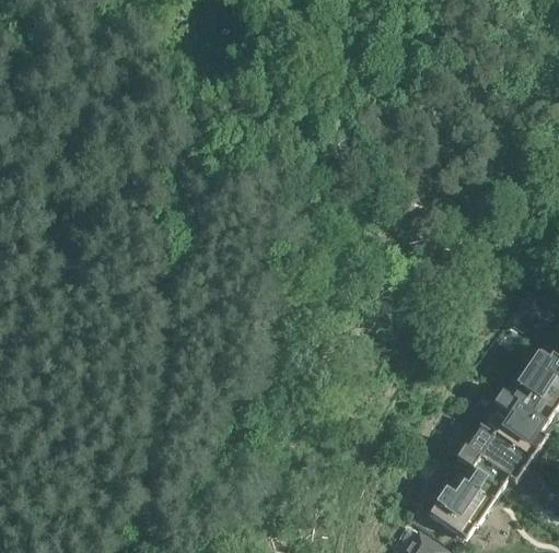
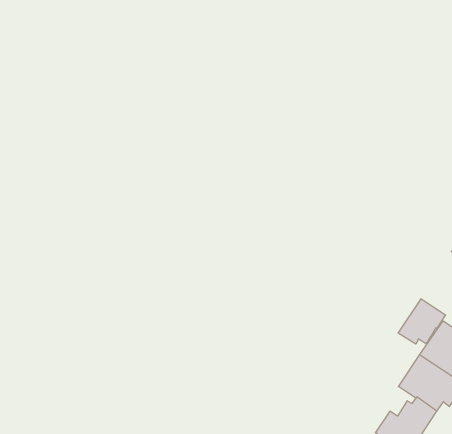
building: none -> [398,299,446,344]

